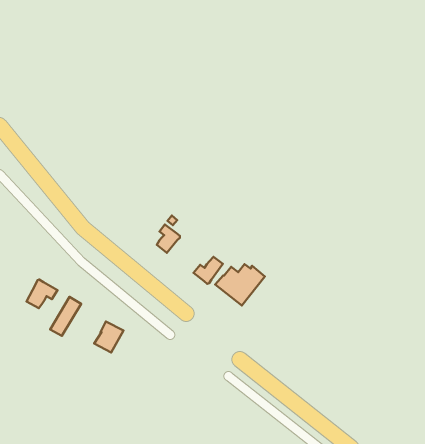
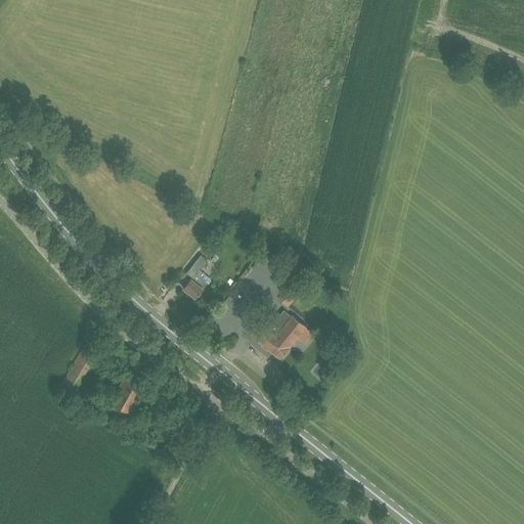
building: [194,257,223,284] -> none
building: [27,279,57,308] -> none

